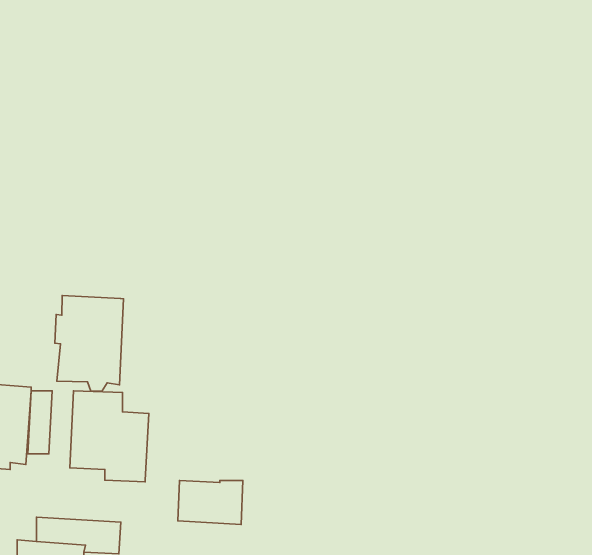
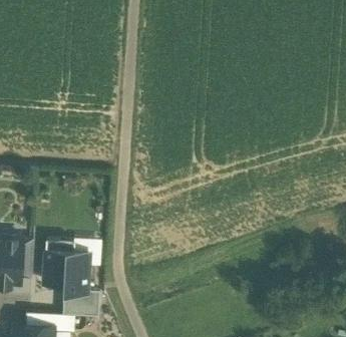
building: [55,295,123,391] -> none
building: [178,481,243,524] -> [63,291,100,316]

